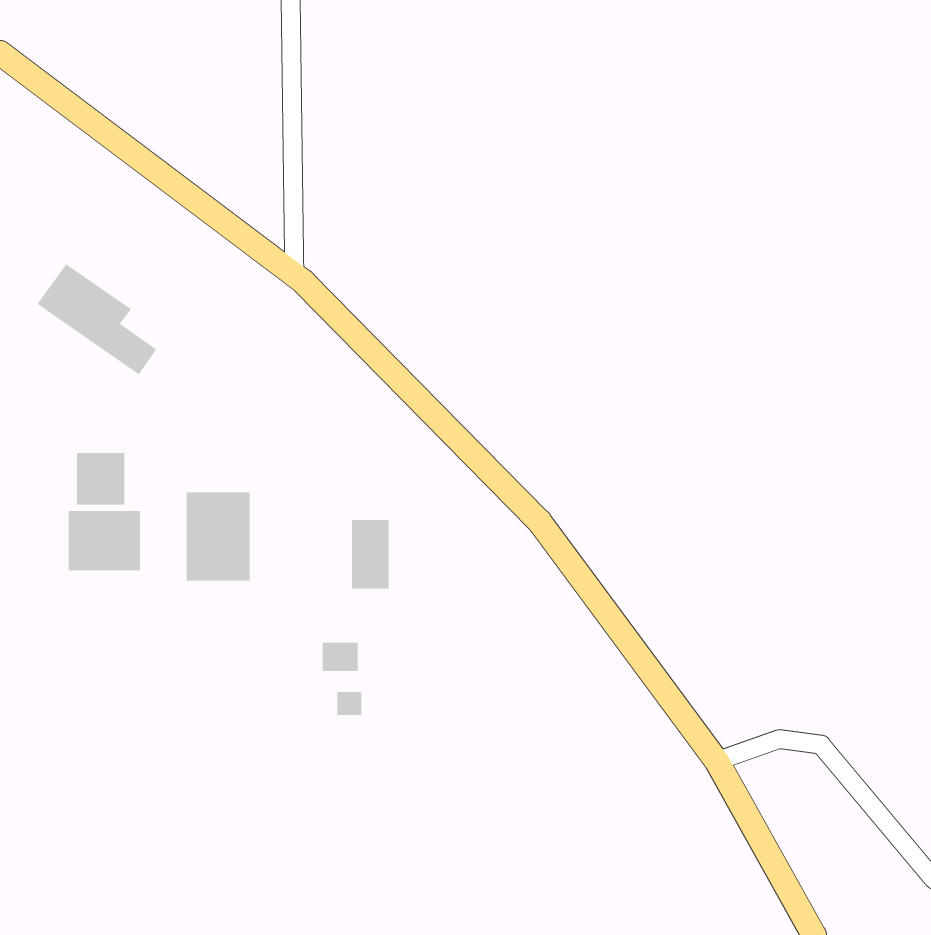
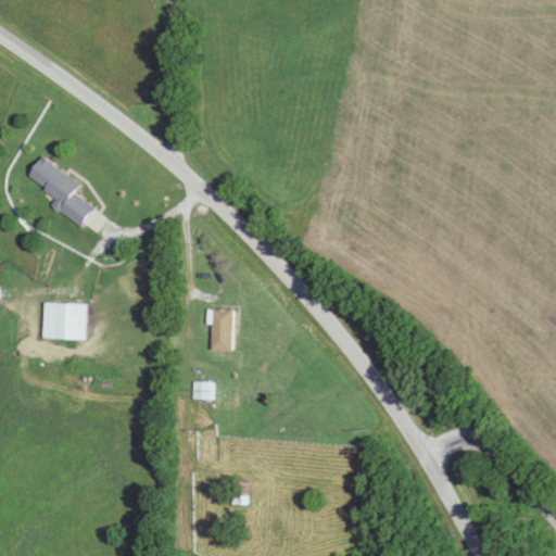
building: [76,452,125,506] -> none
building: [186,492,250,581] -> none

